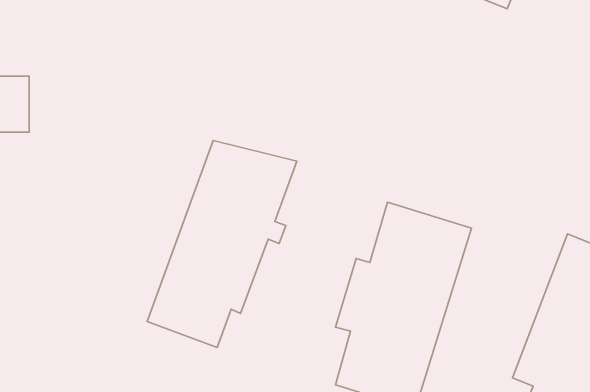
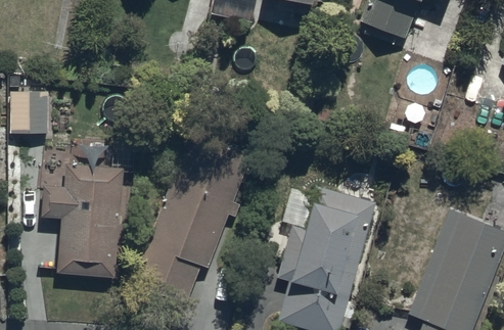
building: none -> [41,163,126,279]

